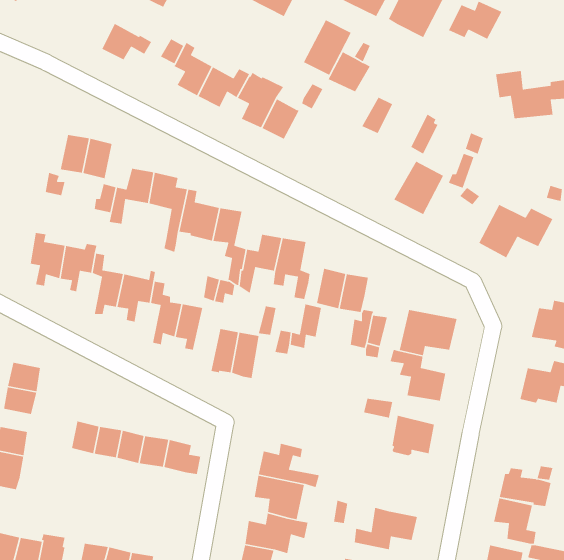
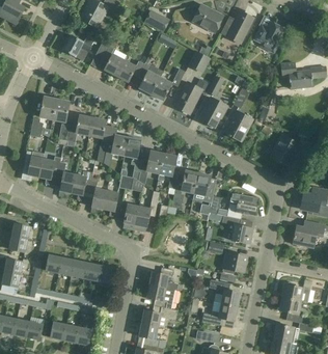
building: [303,19,352,76] -> [174,82,201,113]
building: none -> [199,98,226,127]
building: none -> [209,279,239,307]

